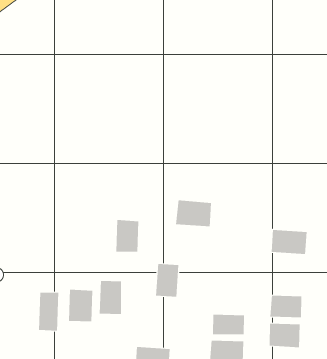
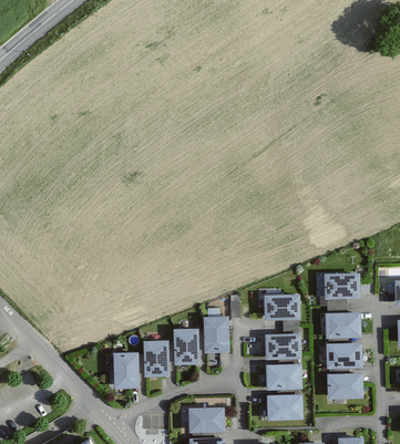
building: [175,200,212,227] -> [263,293,300,320]
building: [115,220,139,252] -> [172,329,197,363]
building: none -> [325,312,361,339]
building: none -> [263,332,302,360]
building: [38,292,59,331] -> none

